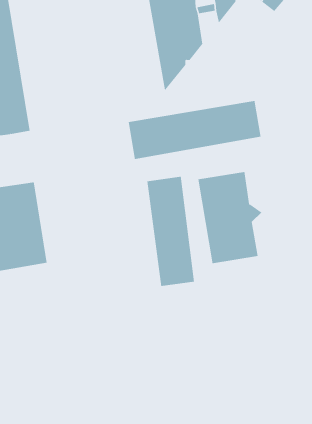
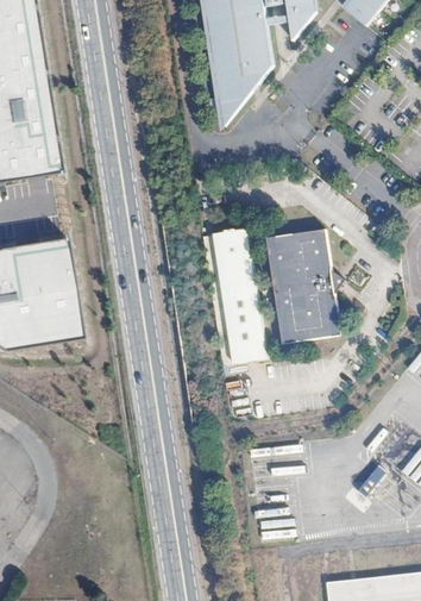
building: [128,100,261,160] -> none

